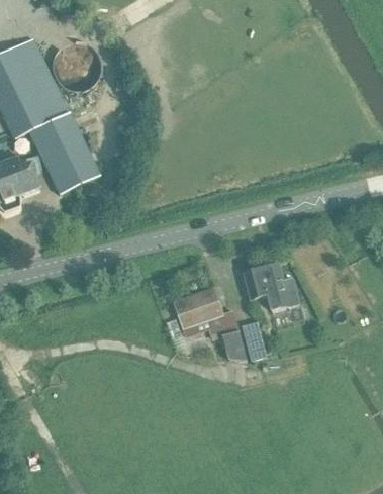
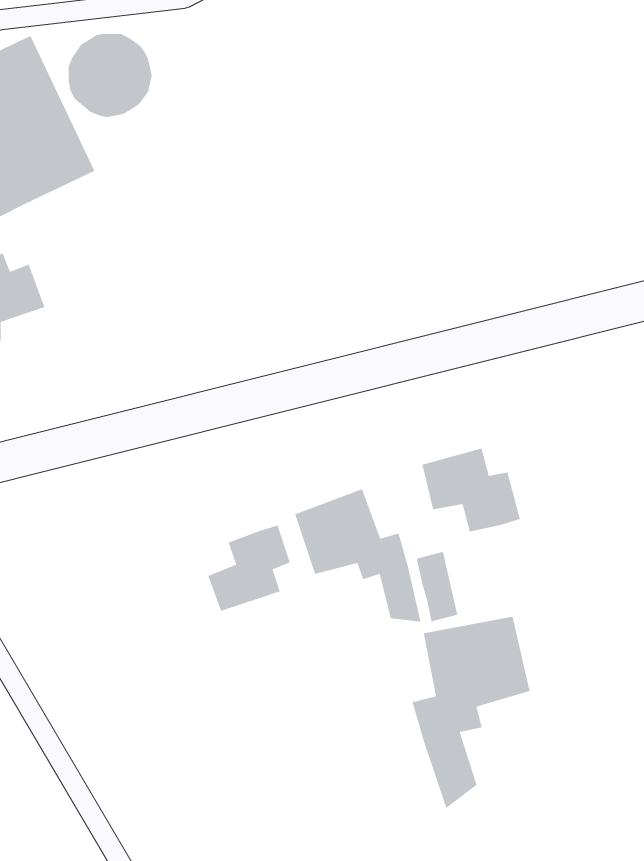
building: [29,112,98,193] -> none
building: none -> [207,524,291,612]
building: none -> [412,616,531,809]

